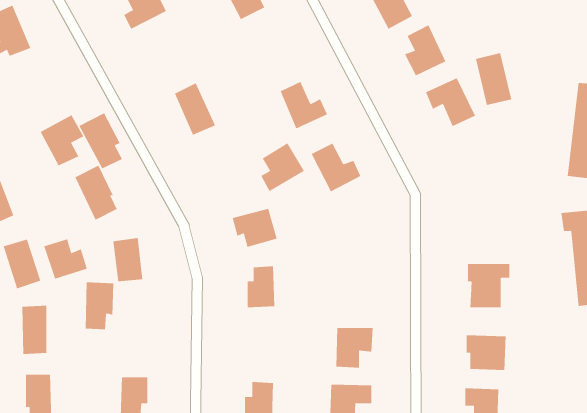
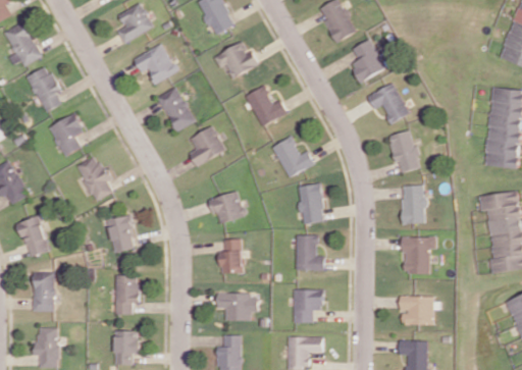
building: none -> [213,42,259,78]
building: none -> [134,44,177,84]
building: [475,53,512,106] -> [389,129,420,173]
building: [79,112,123,169] -> [25,65,62,112]
building: [261,142,305,192] -> [189,125,225,166]
building: none -> [298,183,324,224]
building: none -> [402,184,426,223]
building: [44,239,87,279] -> none
building: none -> [296,234,324,270]
building: [85,282,114,330] -> [114,275,139,315]
building: none -> [216,293,258,320]

